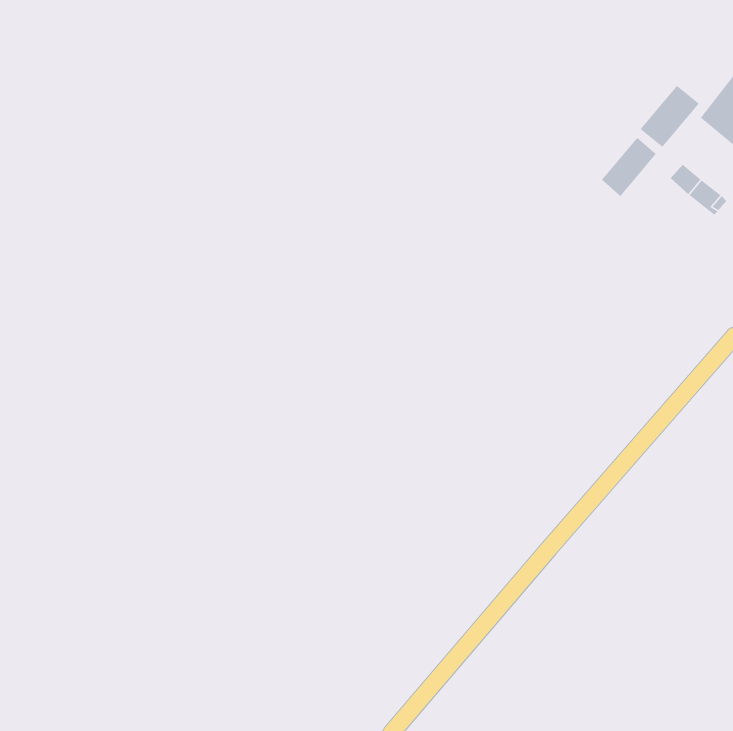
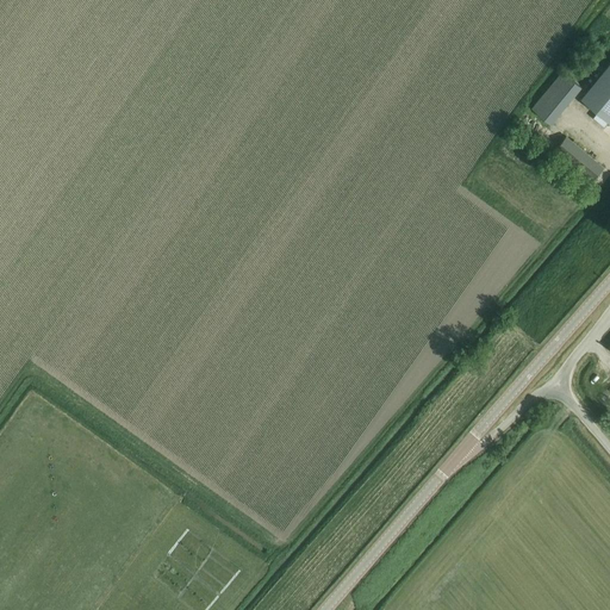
building: [601,137,657,197] -> none

